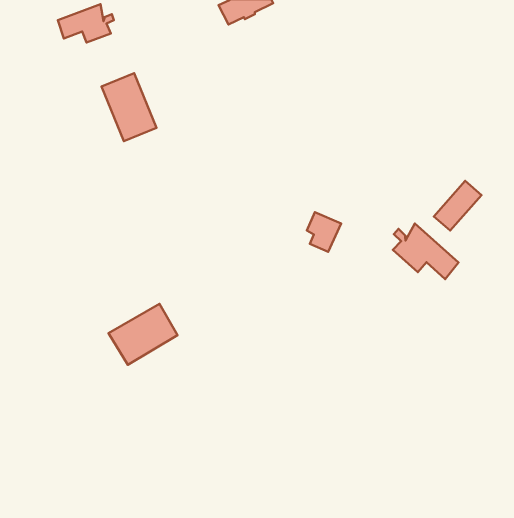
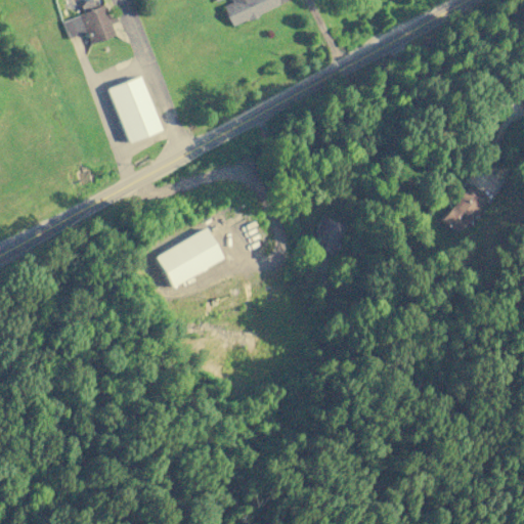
building: [393,224,458,279] -> none
building: [109,304,178,365] -> [155,226,224,288]

